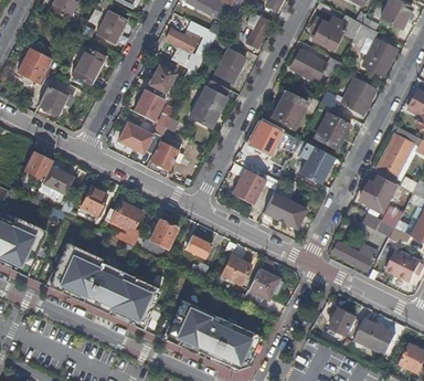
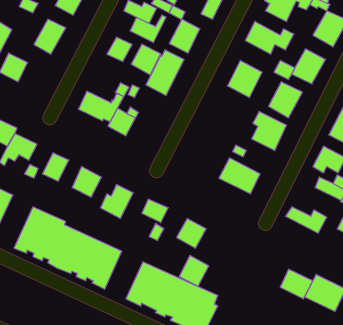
building: [130,89,161,121] -> [131,44,161,75]
building: [251,126,279,154] -> none
building: [233,169,267,205] -> none
building: [246,268,277,300] -> [179,255,209,286]

